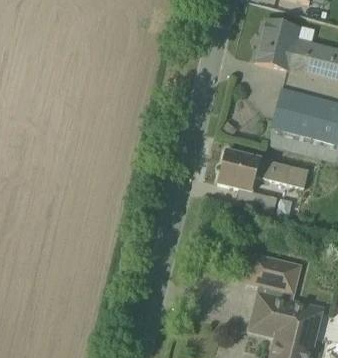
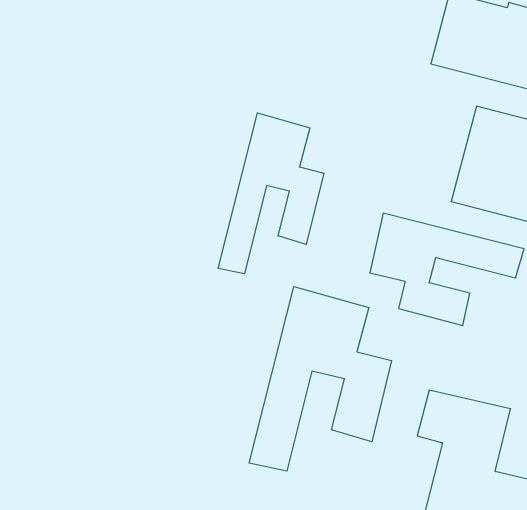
building: none -> [218,113,324,274]
building: none -> [249,287,392,471]

